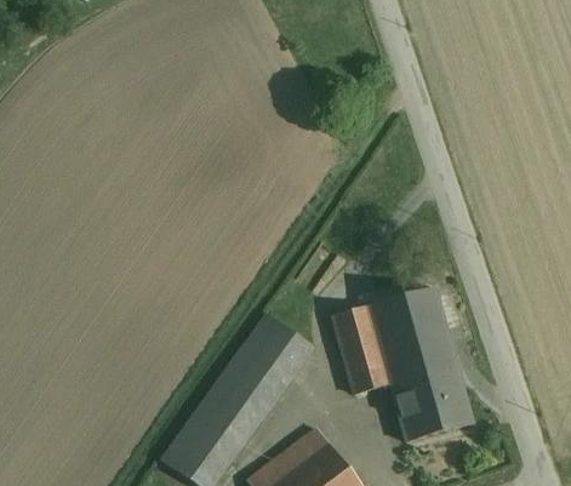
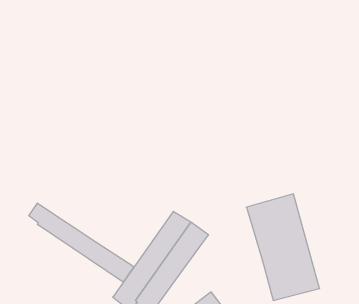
building: none -> [29,203,134,282]
building: [335,307,392,394] -> none

